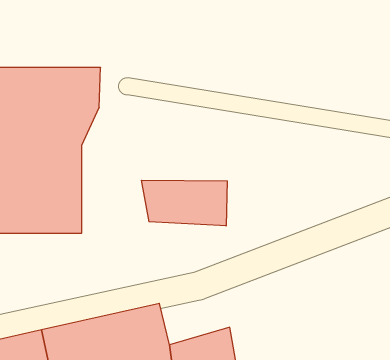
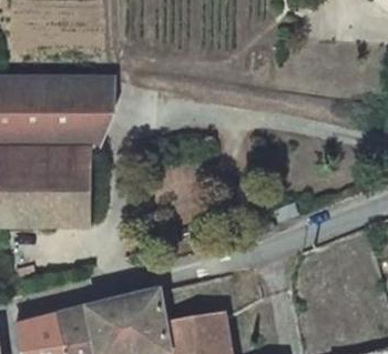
building: [141,180,227,226] -> none

